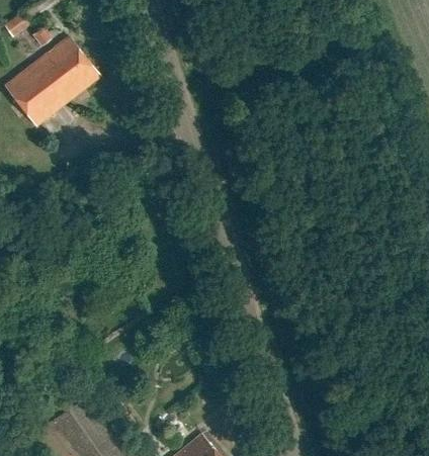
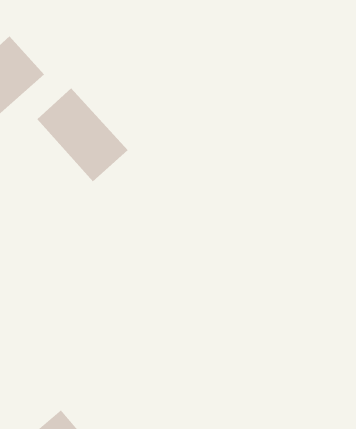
building: none -> [36,88,128,182]

